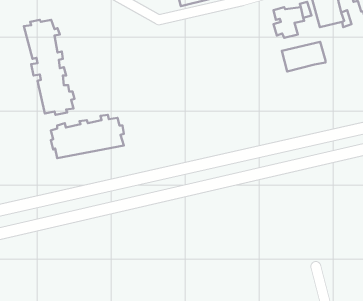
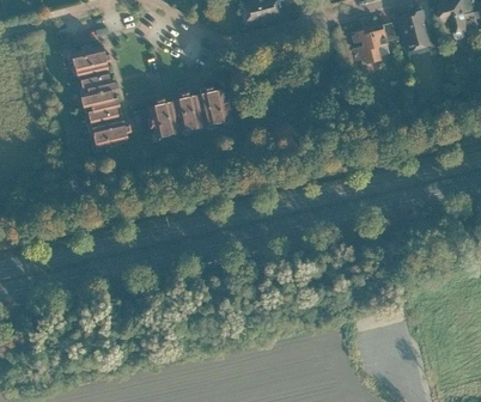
building: [282,42,326,71] -> none
building: [51,115,124,158] -> [146,89,229,138]

